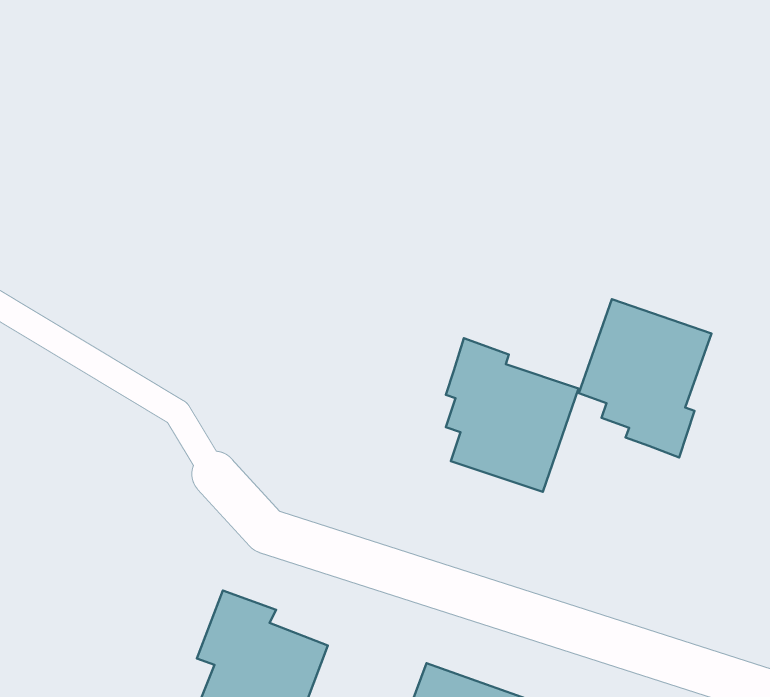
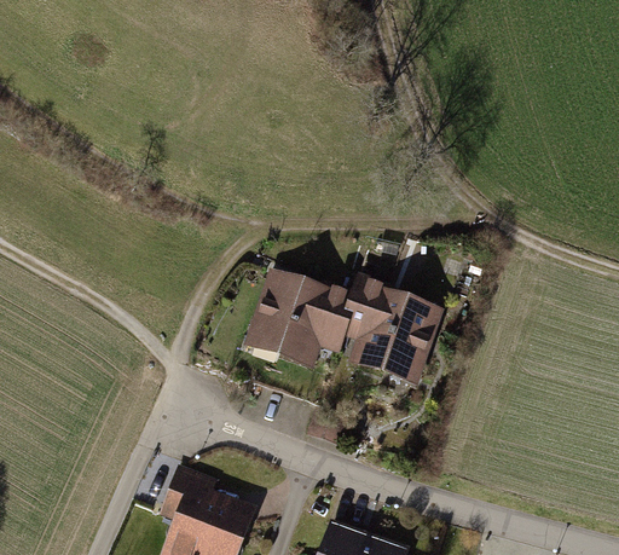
building: [579,299,711,458] -> none
building: none -> [243,271,352,371]

